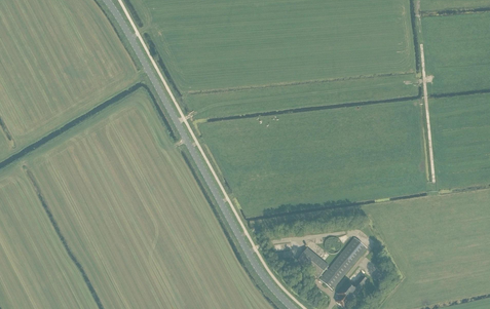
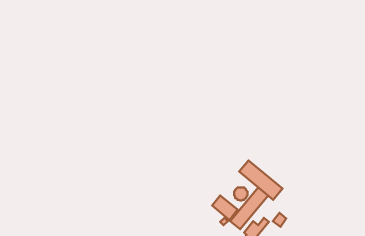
building: none -> [239,160,282,200]

